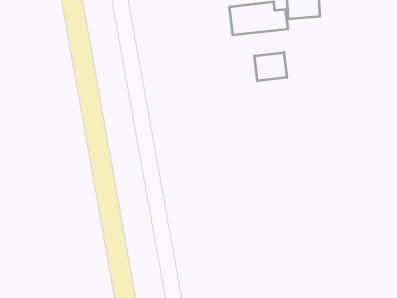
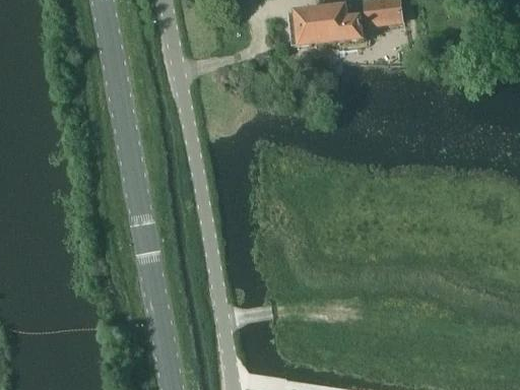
building: [255,52,287,81] -> none

